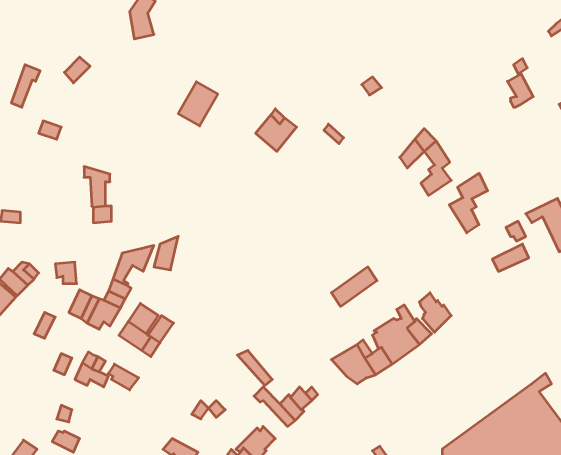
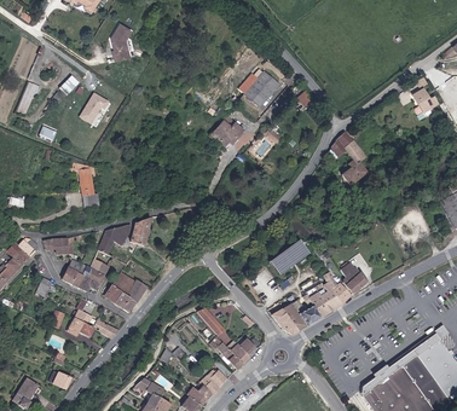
building: none -> [239,66,279,106]
building: [178,82,218,126] -> [79,91,110,126]
building: [449,173,488,233] -> none

